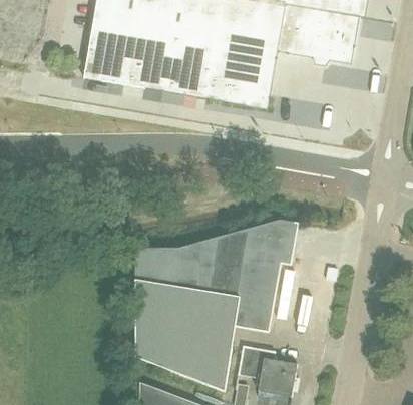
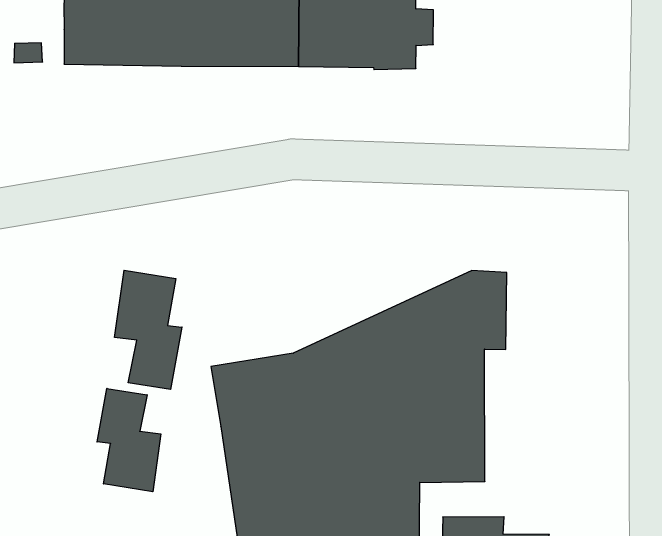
building: none -> [115,270,182,389]
building: none -> [97,388,161,492]

